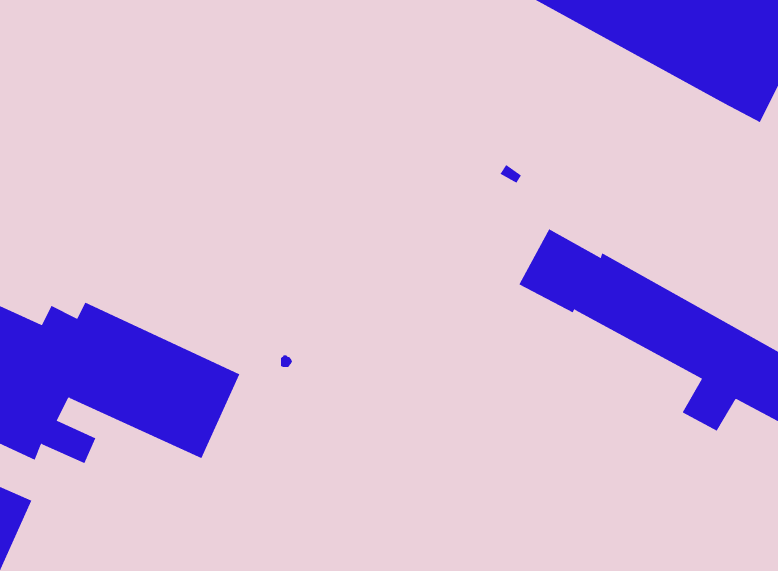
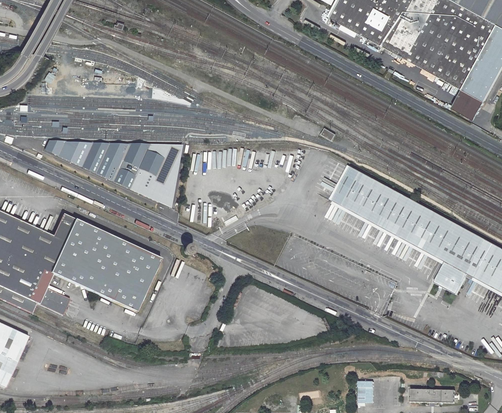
building: none -> [451,88,483,118]
building: none -> [42,140,181,210]

